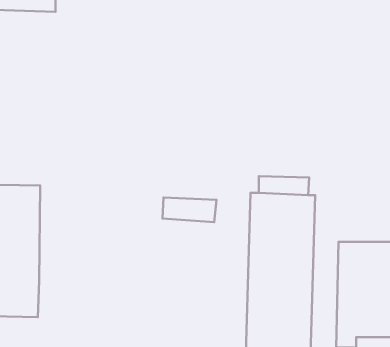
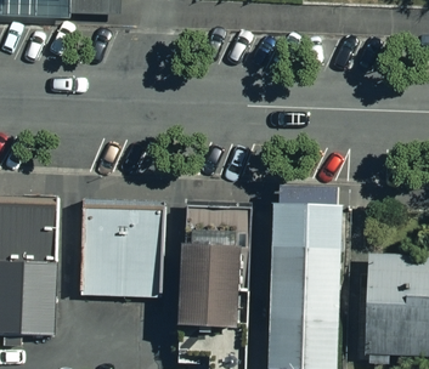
building: none -> [78,194,165,293]
building: none -> [174,240,242,322]

